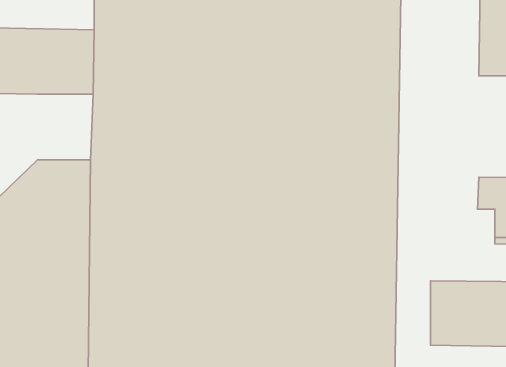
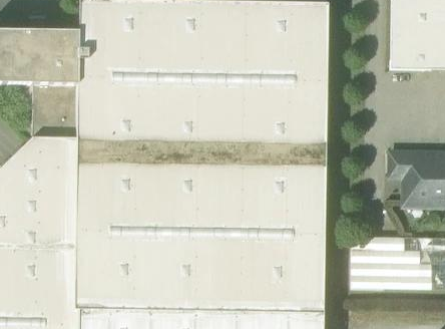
building: none -> [32,84,77,137]

